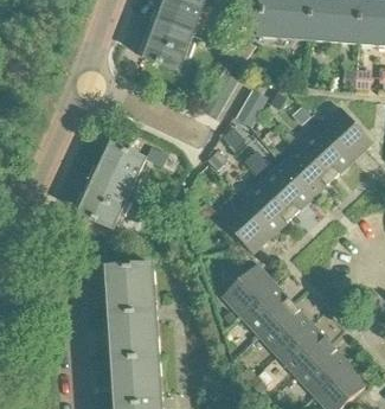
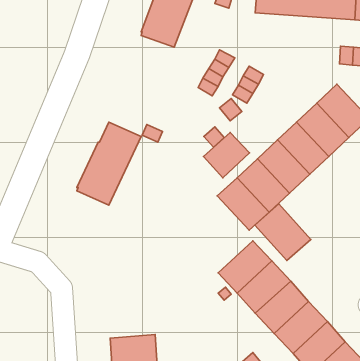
building: none -> [203,133,250,178]
building: none -> [255,204,311,261]
building: [108,264,159,360] -> none

